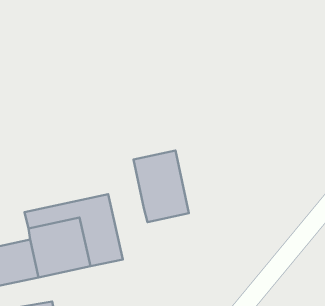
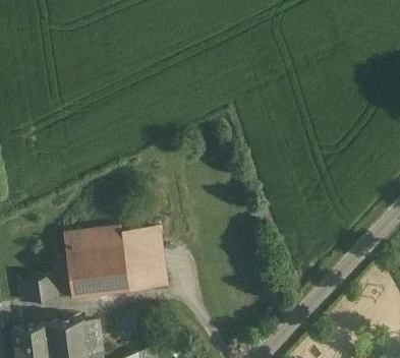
building: [133,150,189,222] -> none

